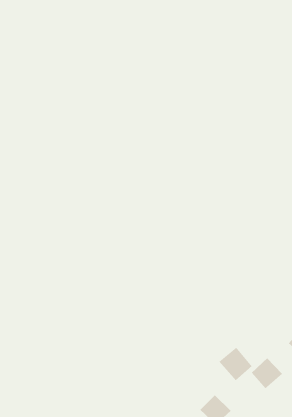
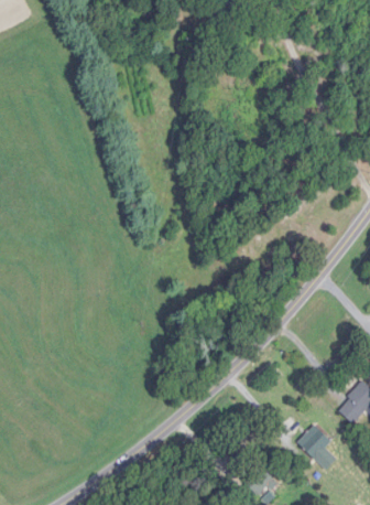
building: [219,347,252,381] -> none

